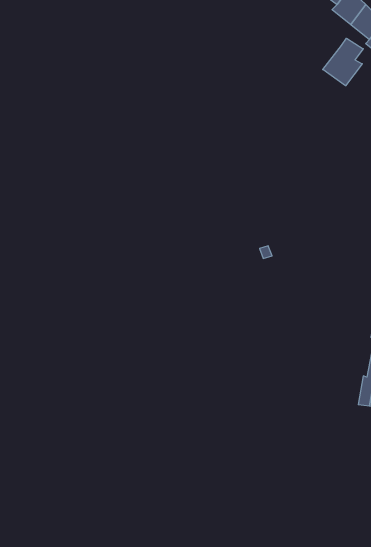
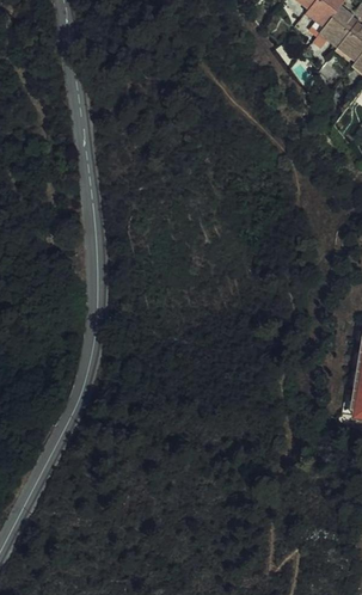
building: [323,38,363,86] -> none

